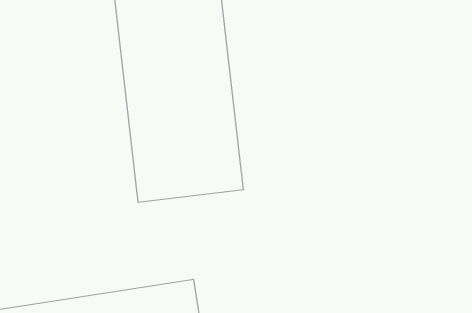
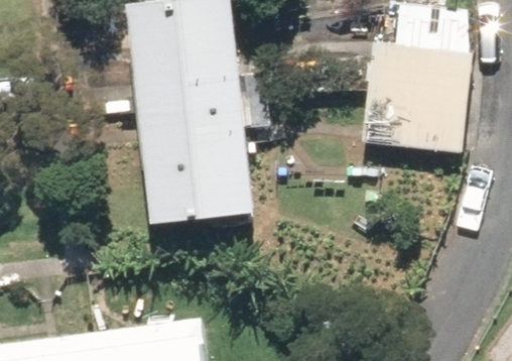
building: none -> [366,37,476,153]

